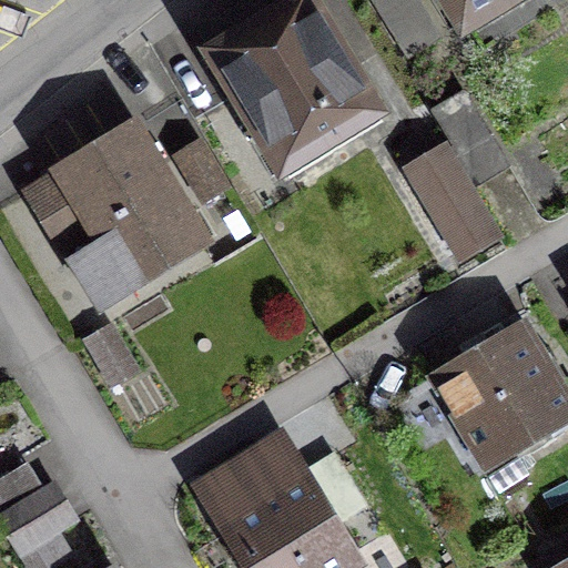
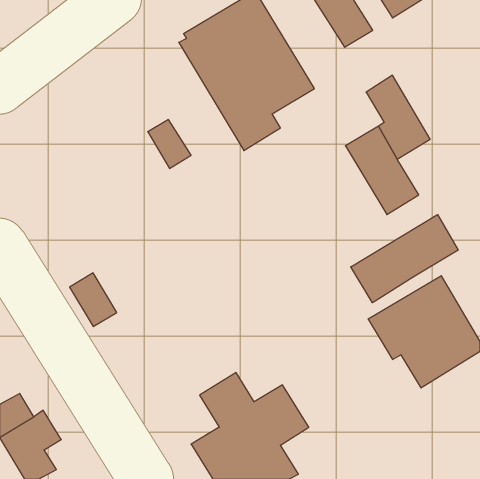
building: [23,125,202,304] -> none
building: none -> [351,215,458,303]

